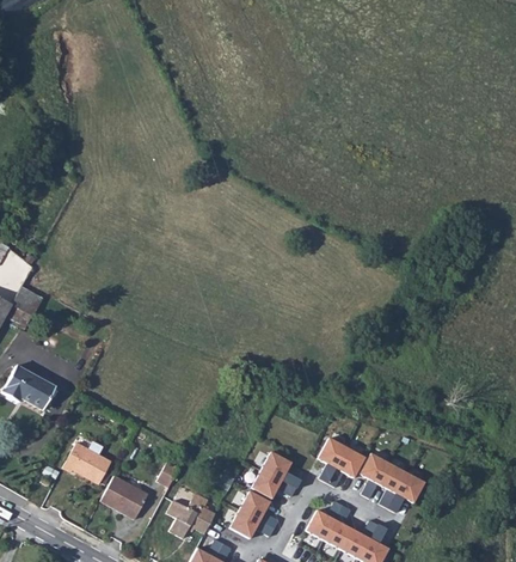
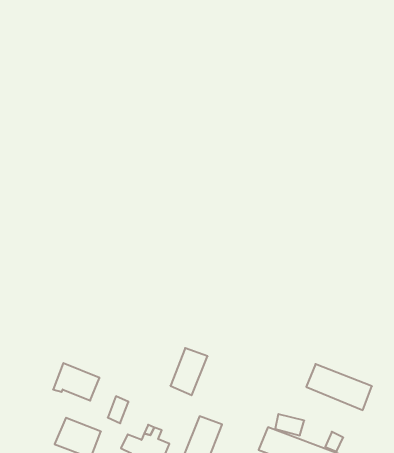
building: [317,436,366,478] -> none
building: [63,442,111,483] -> [53,363,100,401]
building: [250,451,290,499] -> [170,348,208,395]

